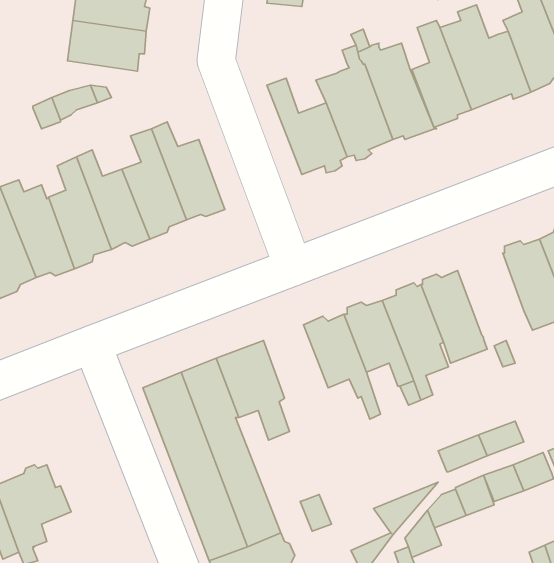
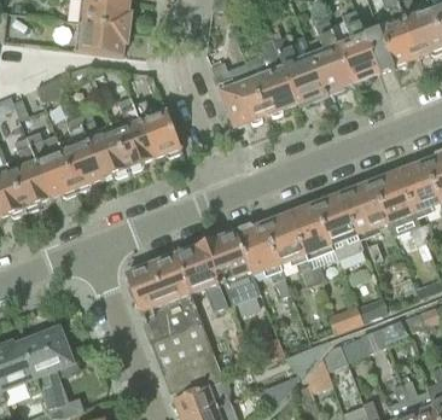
building: none -> [342,181,388,240]
building: none -> [208,232,260,304]

